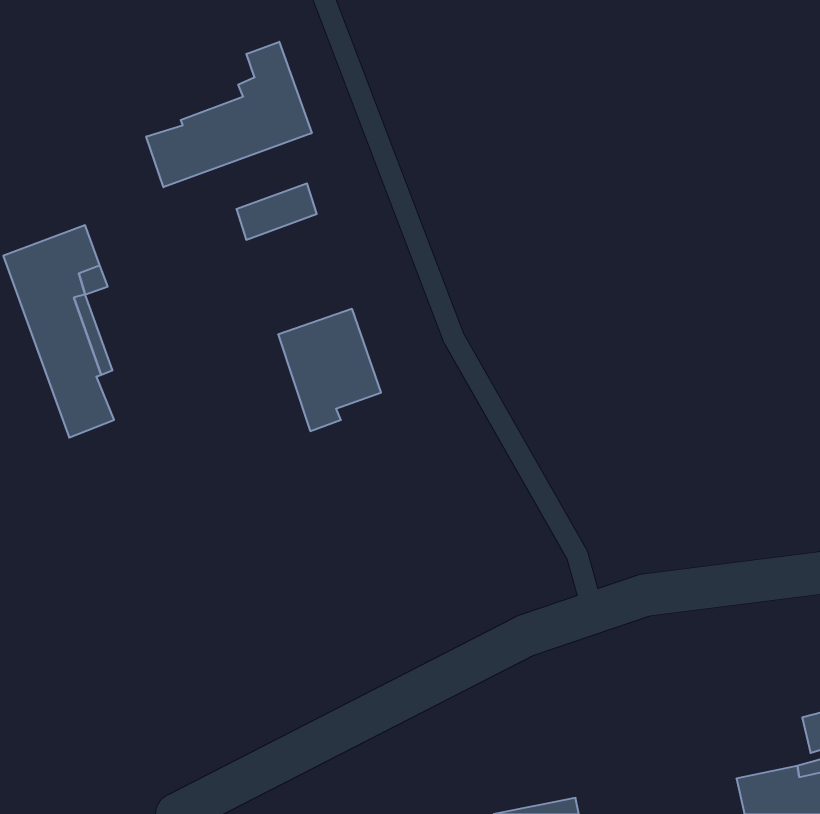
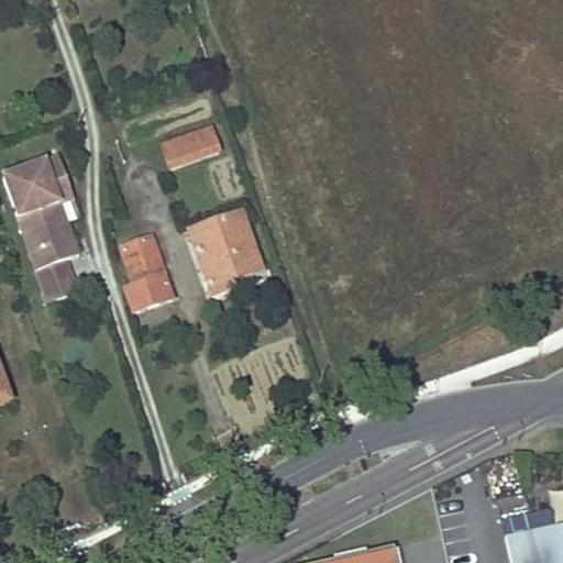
building: [146,42,312,187] -> none
building: none -> [123,236,173,312]

